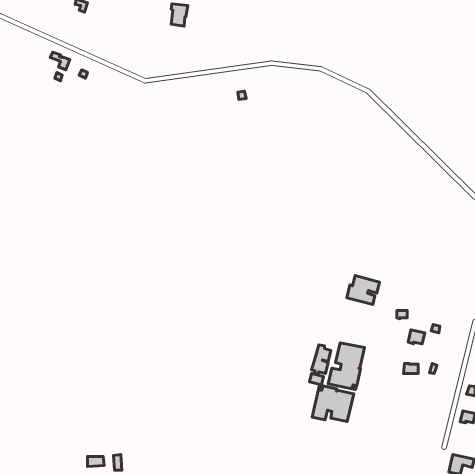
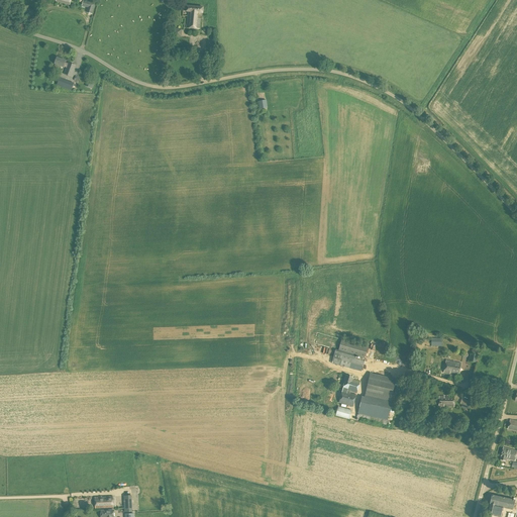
building: [347,276,379,304] -> [332,338,368,370]
building: [312,386,354,421] -> none

